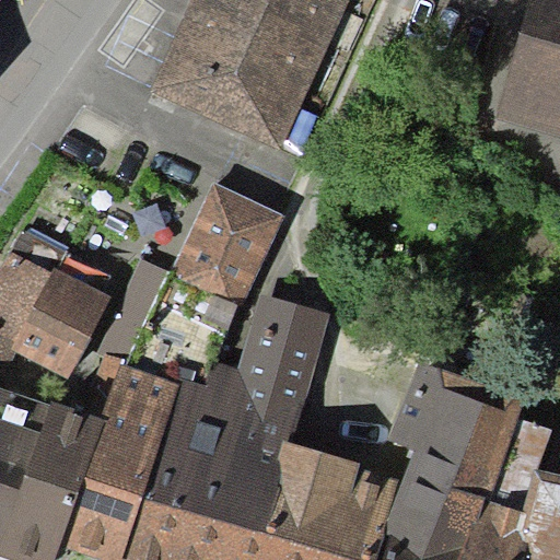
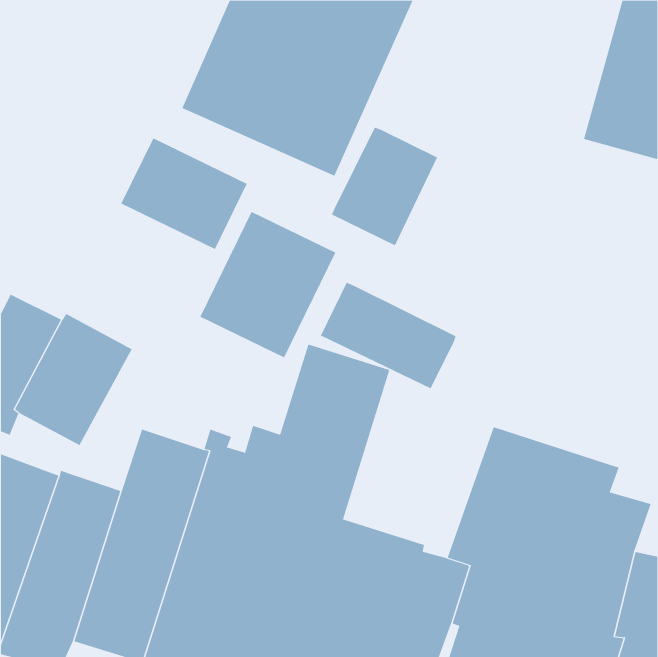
building: none -> [331,127,438,246]
building: none -> [121,137,248,250]
building: none -> [320,282,456,389]

